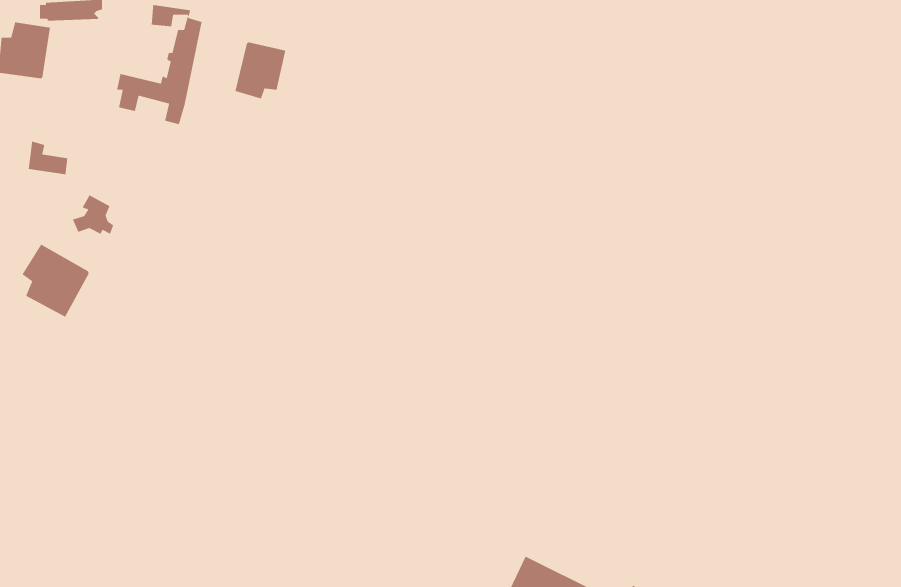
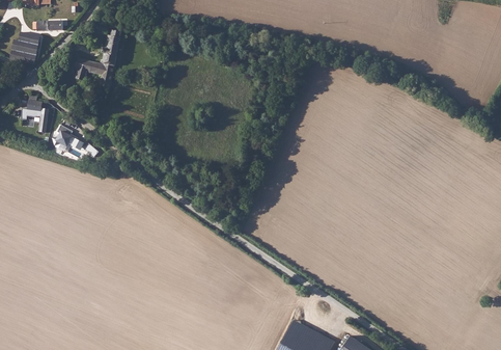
building: [234,42,286,99] -> none
building: [22,243,90,318] -> none

